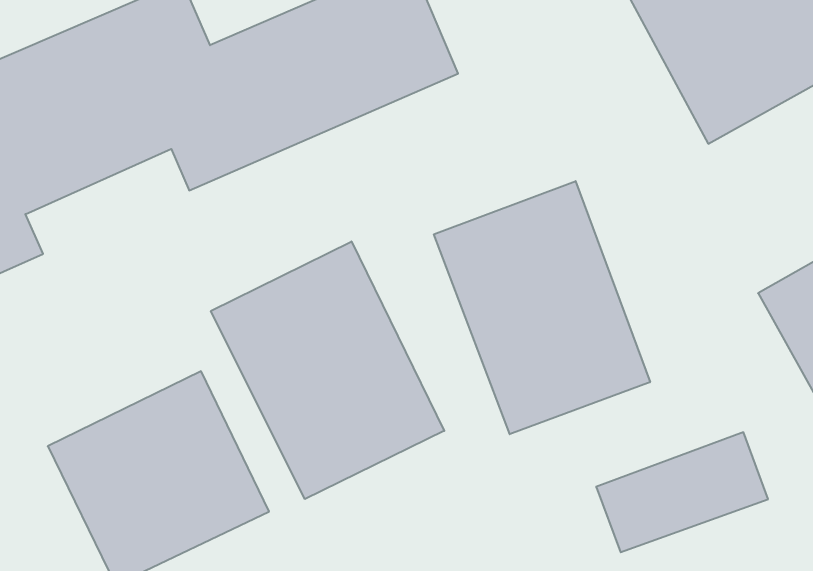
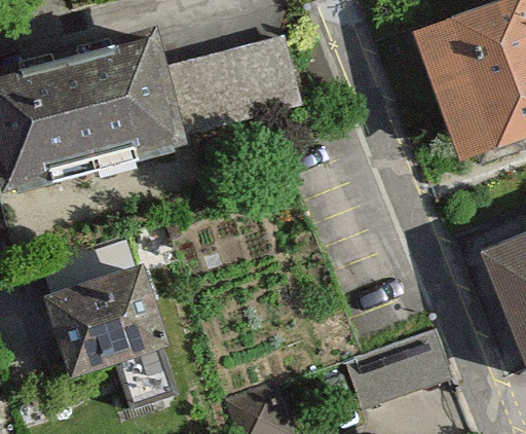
building: [434,181,650,434] -> none
building: [211,241,444,499] -> none

